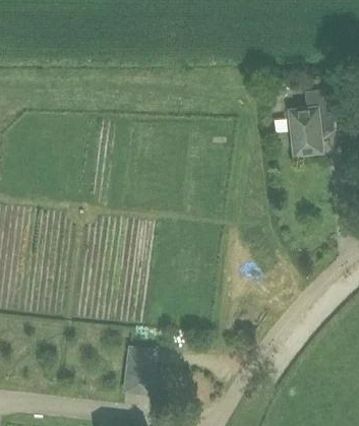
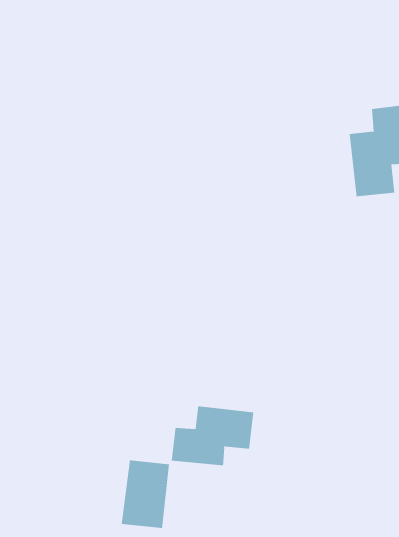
building: none -> [171,406,254,466]

